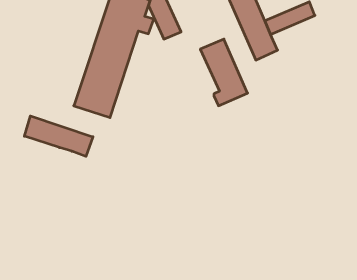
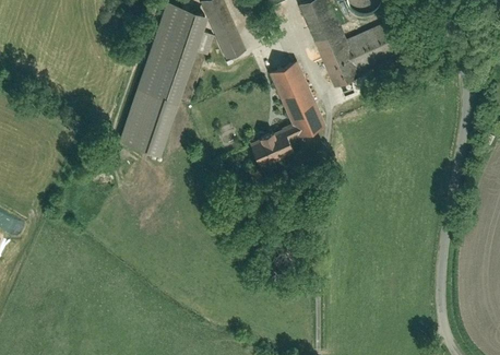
building: none -> [251,131,296,167]
building: [24,116,93,156] -> none

